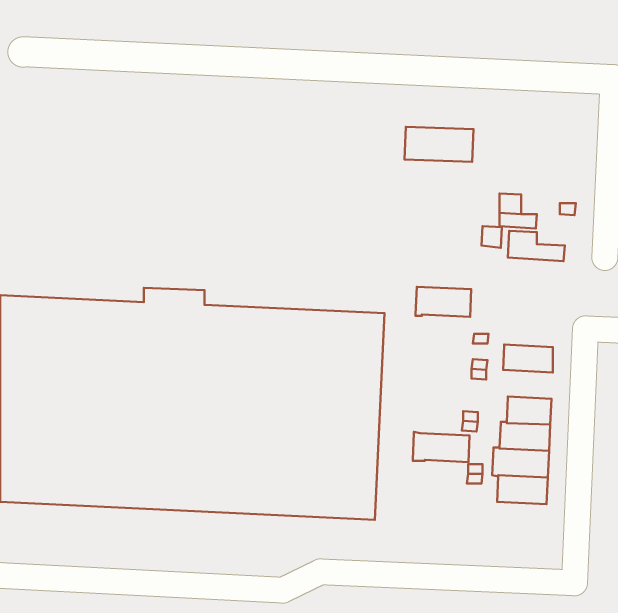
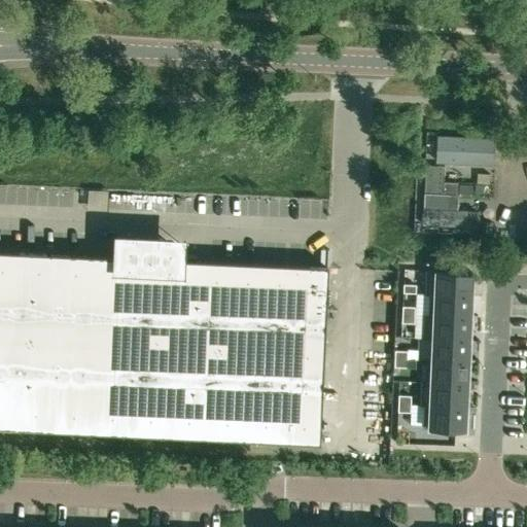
building: [404,127,473,162] -> [436,136,495,166]
building: [416,287,471,317] -> [424,274,471,300]
building: [413,432,470,462] -> [422,318,470,344]

